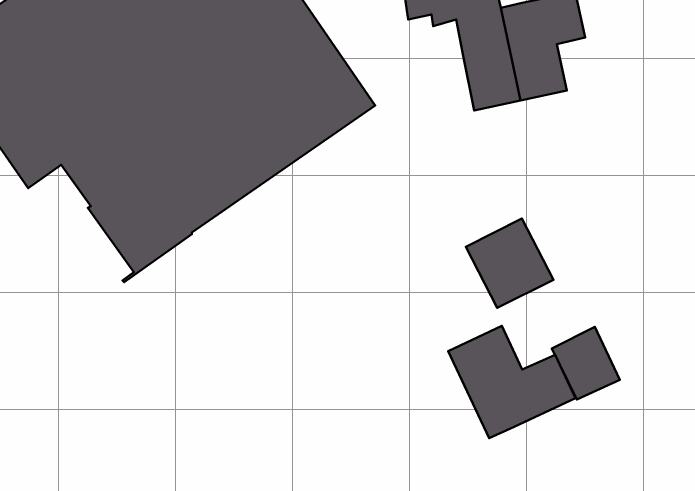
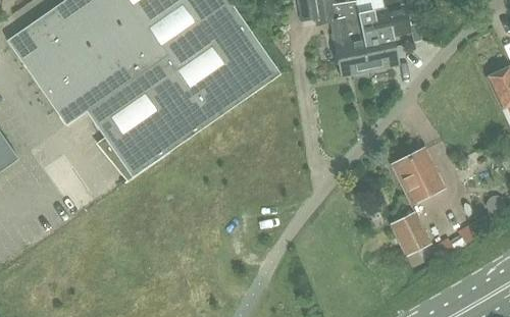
building: [466,219,553,308] -> [392,148,446,203]
building: [448,326,575,438] -> none

